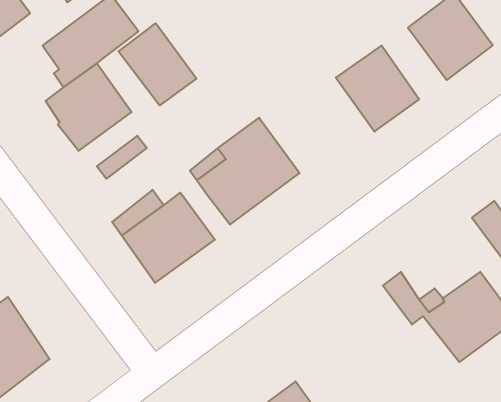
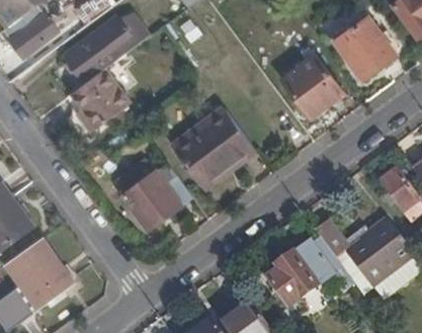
building: [118,23,196,105] -> none
building: none -> [268,241,334,305]

